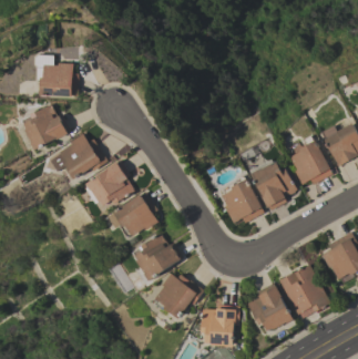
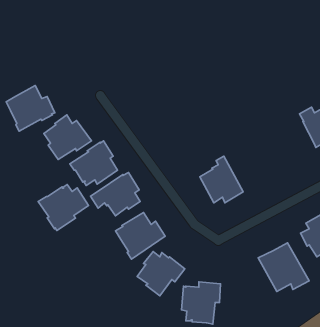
building: [35,55,79,96] -> none
building: [289,135,331,185] -> none
building: [249,163,296,211] -> none
building: none -> [38,184,88,231]
building: [247,284,293,335] -> none

